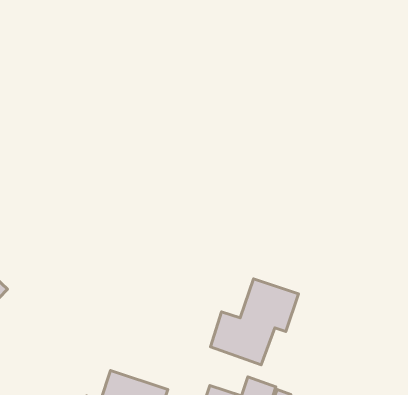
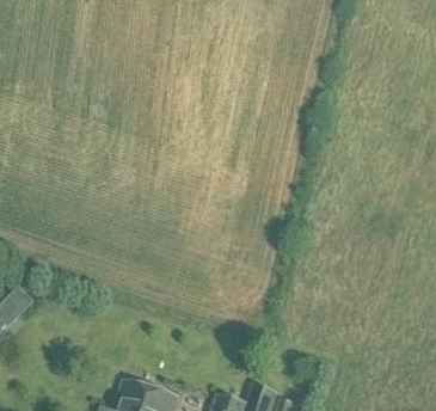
building: [211,279,299,365] -> none

